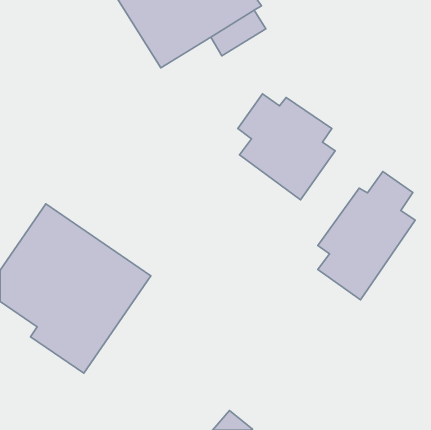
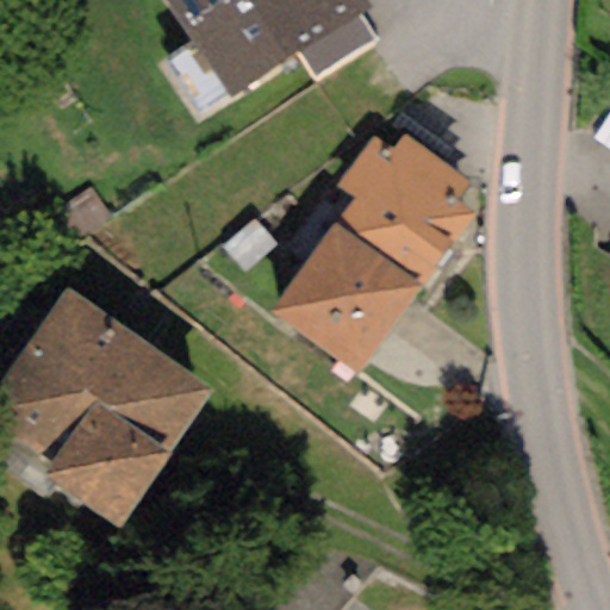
building: none -> [270,218,425,373]
building: [318,171,415,300] -> none

